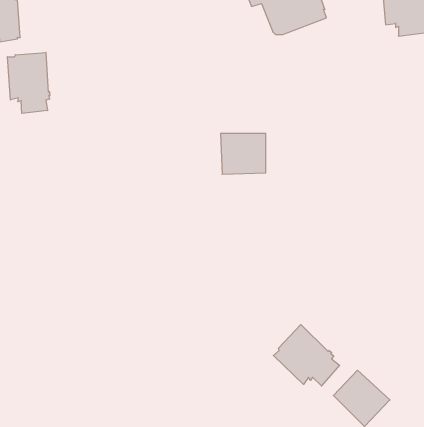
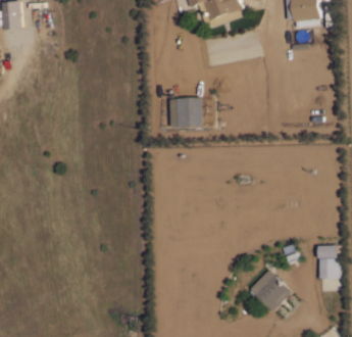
building: [8,52,50,113] -> none
building: [273,325,340,386] -> none

